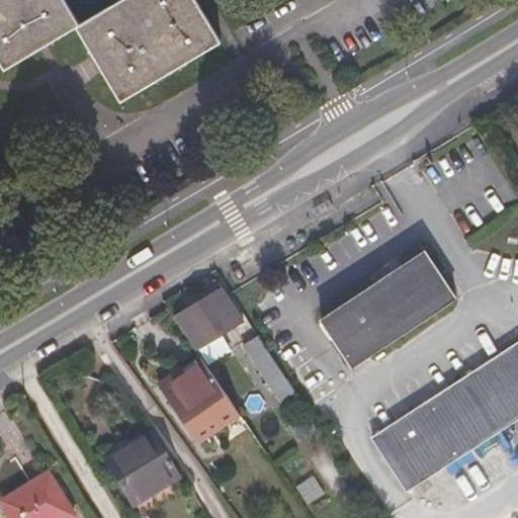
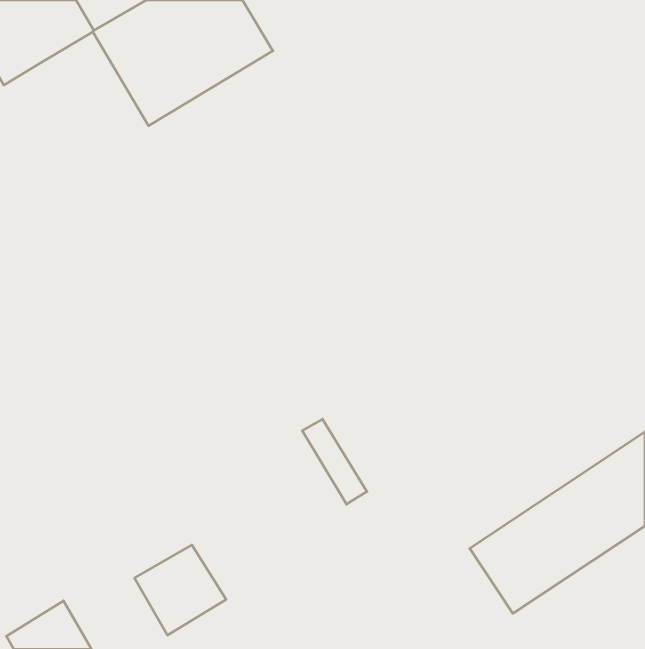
building: [324,251,457,366] -> none
building: [177,288,241,347] -> none
building: [159,356,238,441] -> none

